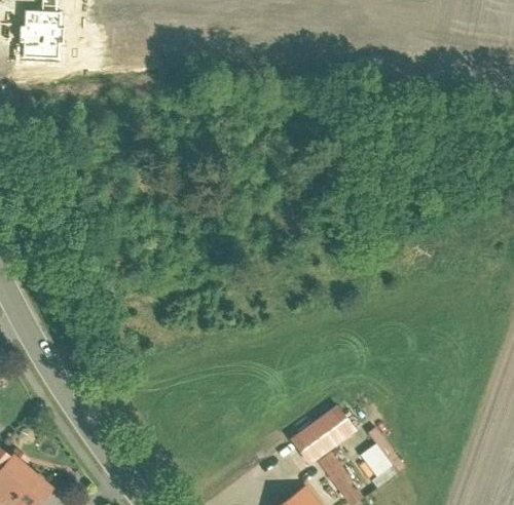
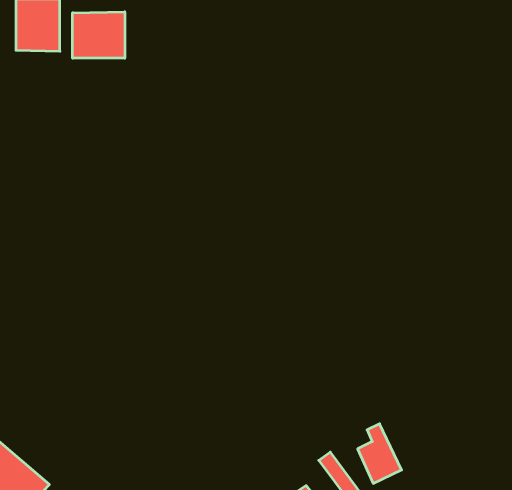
building: none -> [73,12,125,58]
building: [283,405,351,465] -> none

